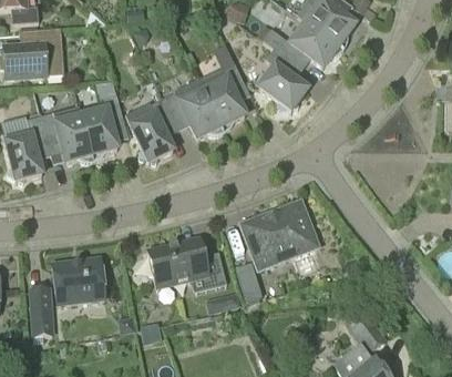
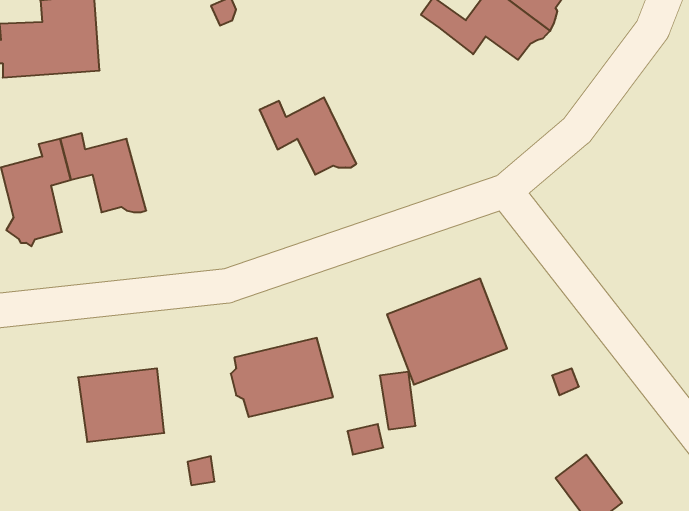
building: [259,47,308,110] -> none
building: [204,62,247,131] -> none
building: [82,94,124,160] -> none
building: [132,98,175,162] -> none
building: [31,287,53,335] -> none

